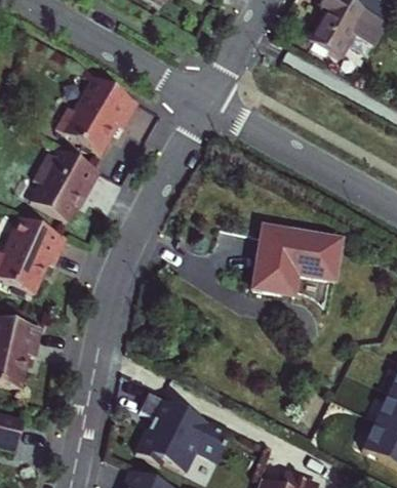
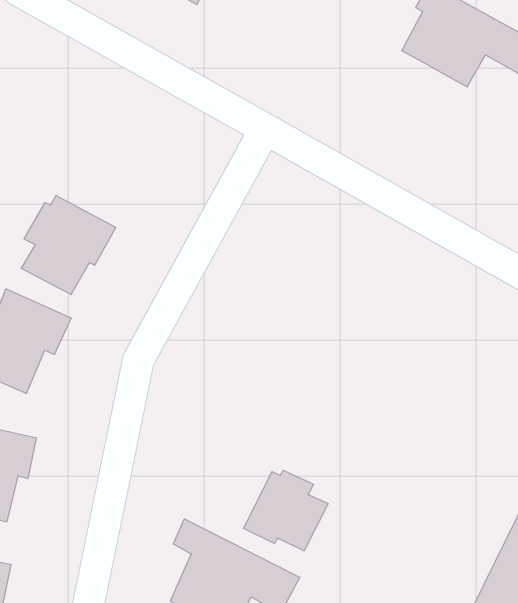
building: [54,75,137,153] -> none
building: [252,227,340,293] -> none
building: none -> [243,470,328,551]

